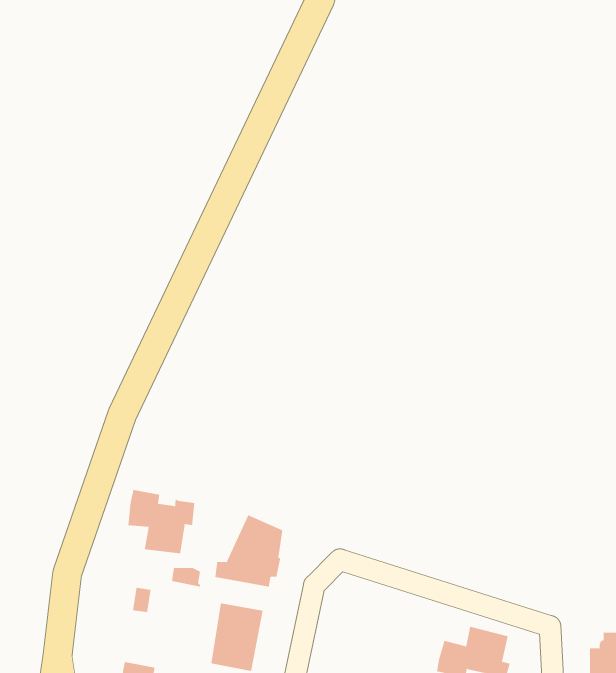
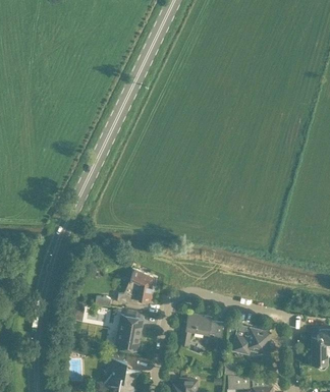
building: [128,489,195,554] -> none
building: none -> [179,314,222,345]

